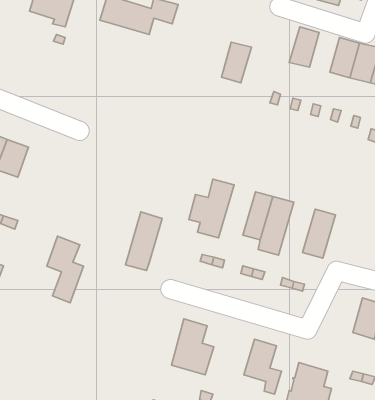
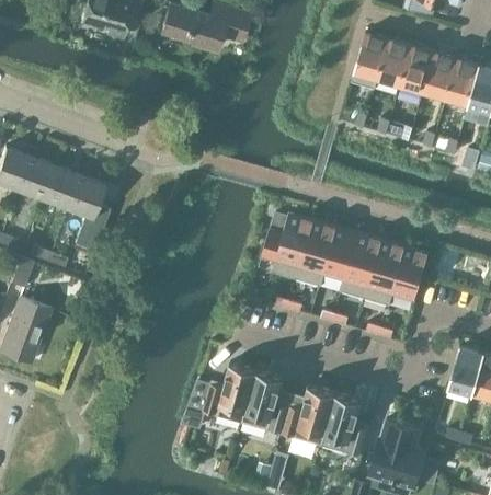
building: none -> [399,45,433,90]
building: [221,42,251,83] -> [354,33,388,79]
building: none -> [364,238,406,304]
building: [125,212,162,271] -> [296,218,338,285]
building: [47,236,84,303] -> [68,175,110,251]
building: none -> [203,364,256,423]
building: none -> [281,385,336,445]

